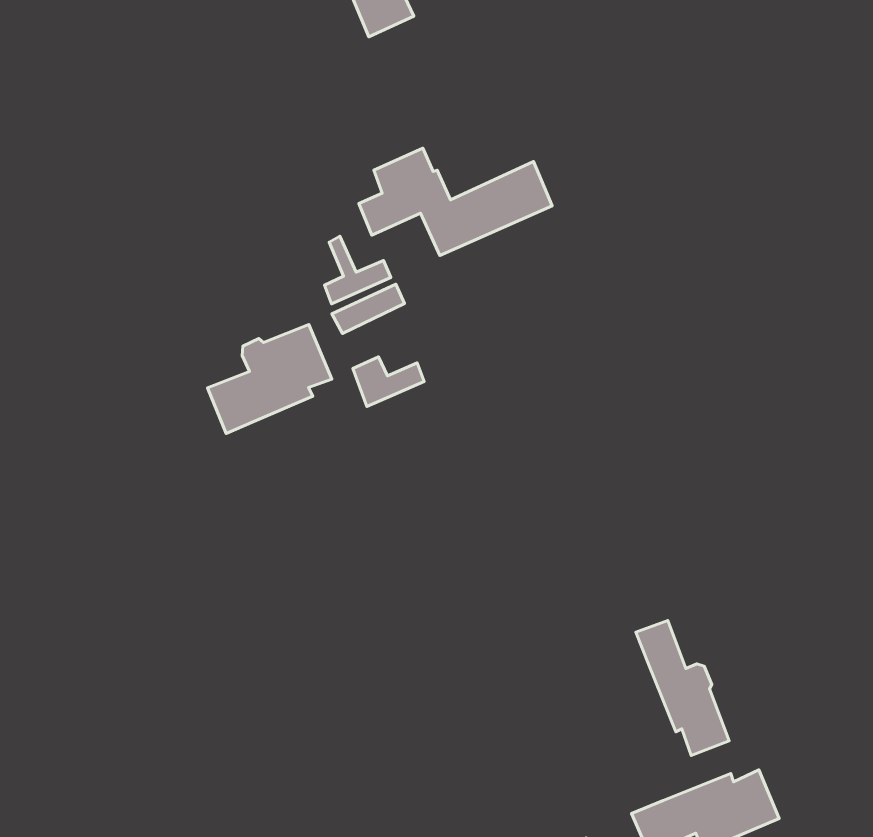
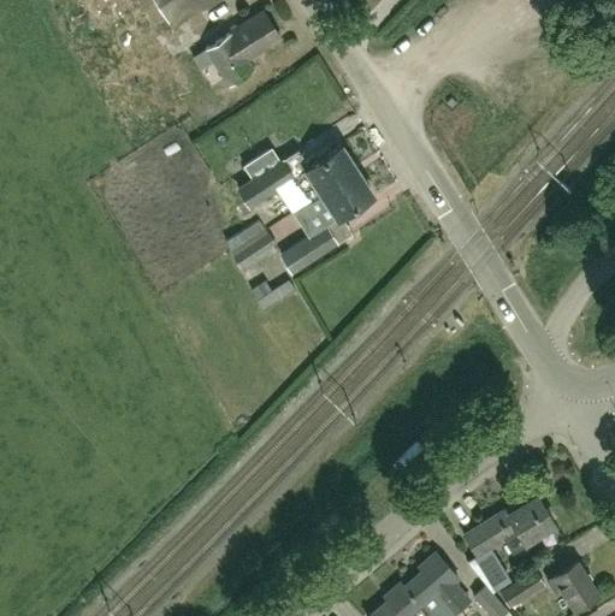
building: none -> [282,173,374,273]
building: [208,325,332,433] -> none
building: [636,621,729,755] -> none

